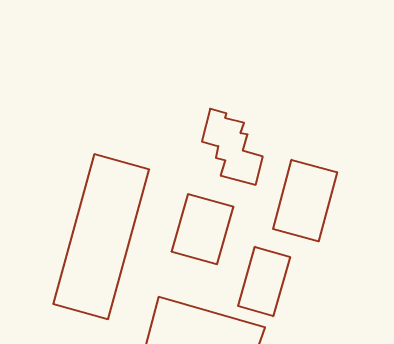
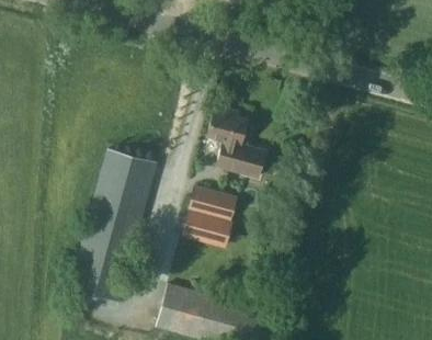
building: [273,160,337,241] -> none
building: [238,247,290,316] -> none

